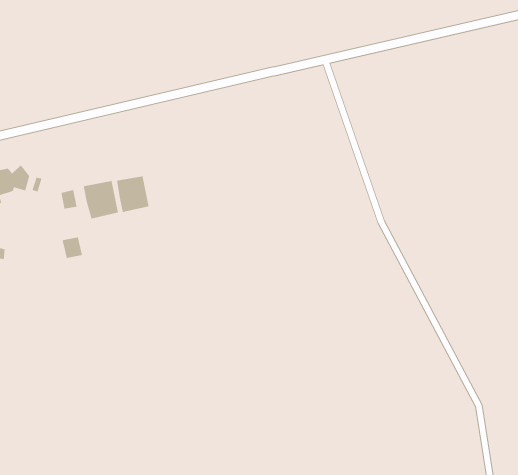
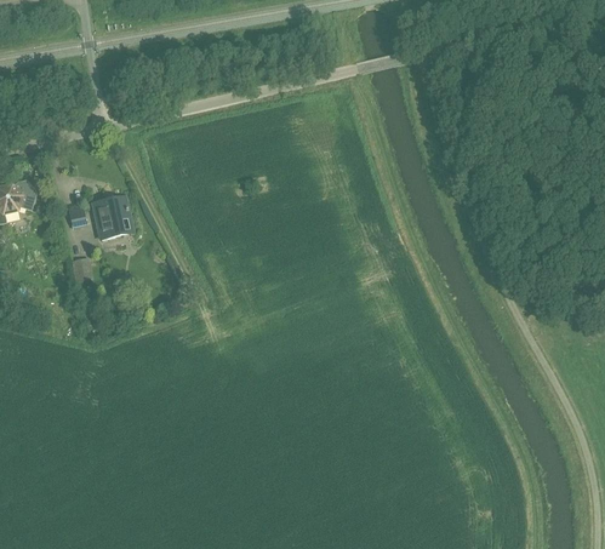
building: [116,176,149,213] -> none

